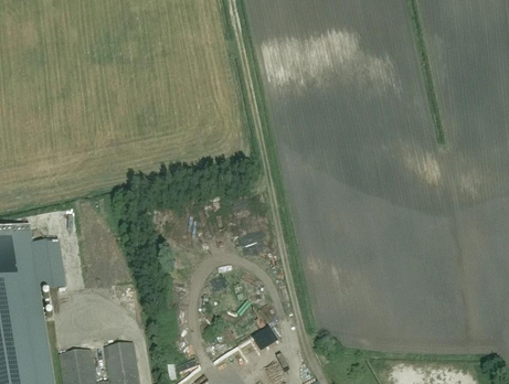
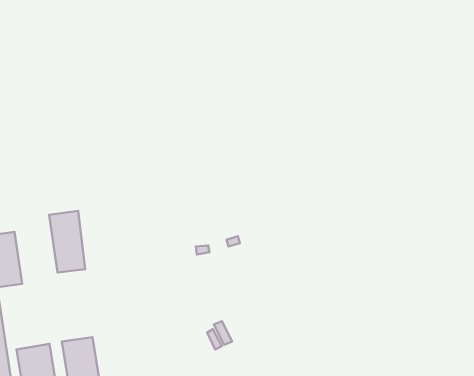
building: none -> [49,211,85,273]

